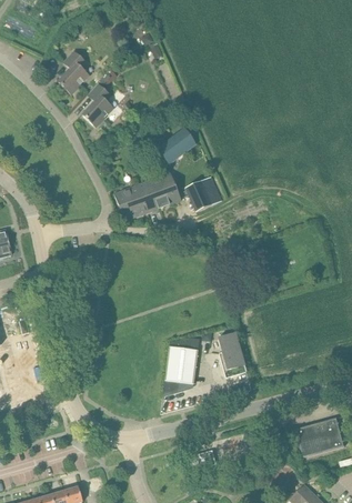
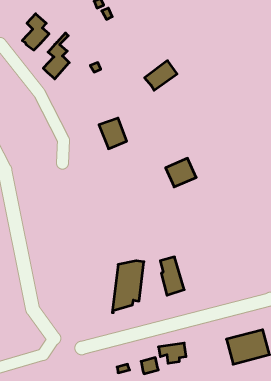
building: [158,128,195,162] -> [145,61,177,90]
building: [184,177,220,210] -> [166,158,196,187]
building: [113,180,158,221] -> none

